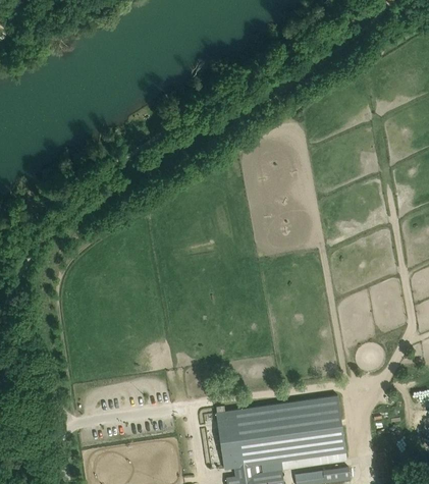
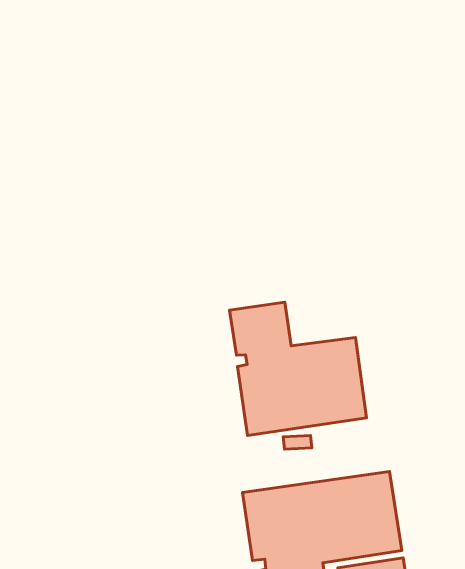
building: none -> [230,302,367,435]

